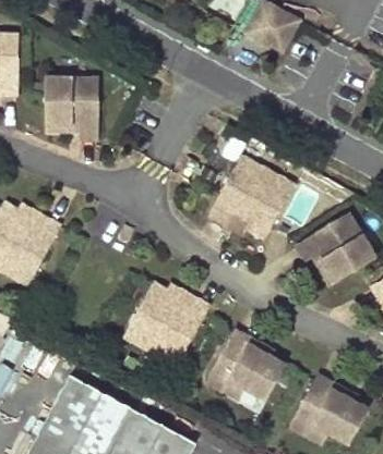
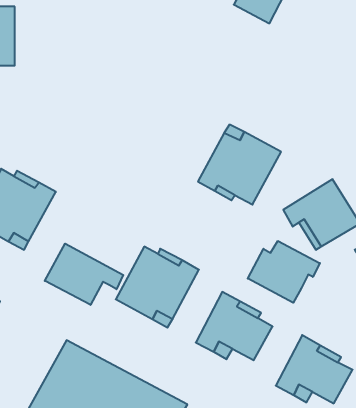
building: [44,76,97,137] -> none
building: none -> [248,241,320,303]
building: none -> [45,244,123,305]

